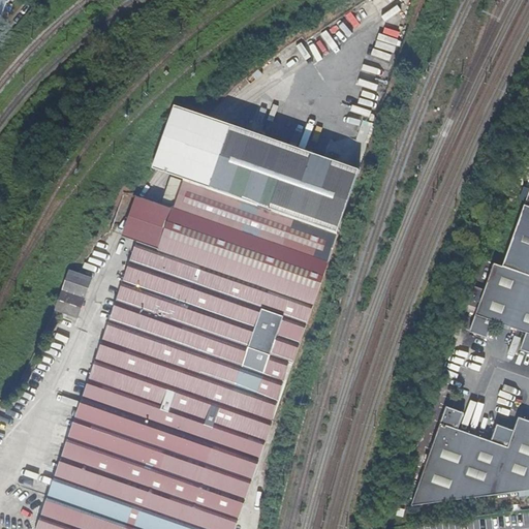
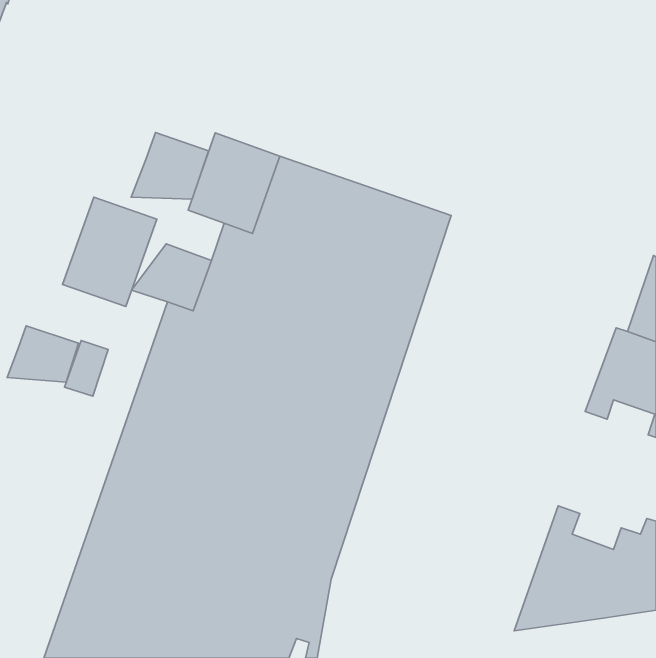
building: none -> [131,132,208,199]
building: none -> [63,197,157,306]
building: none -> [7,326,79,382]

